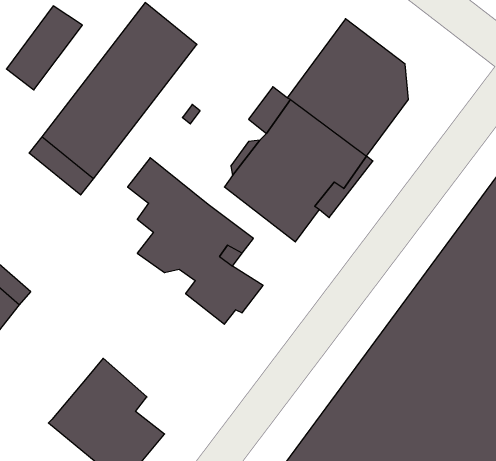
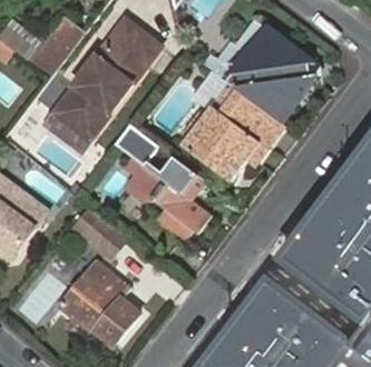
building: none -> [71,210,126,258]

